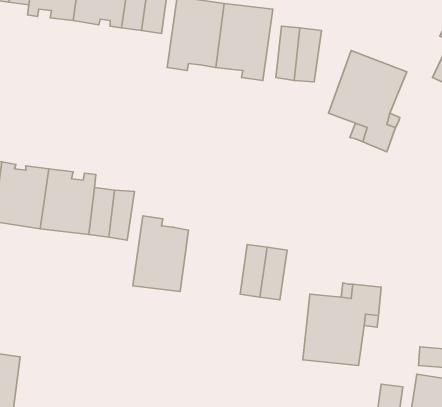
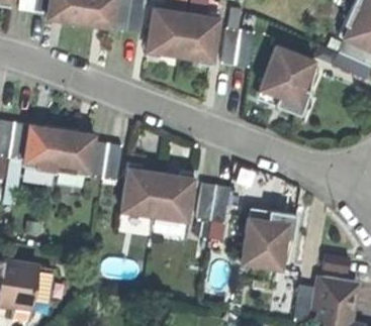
building: none -> [155,171,195,222]

